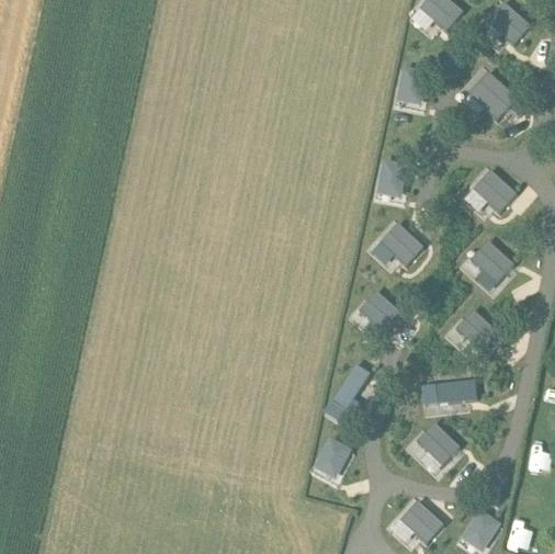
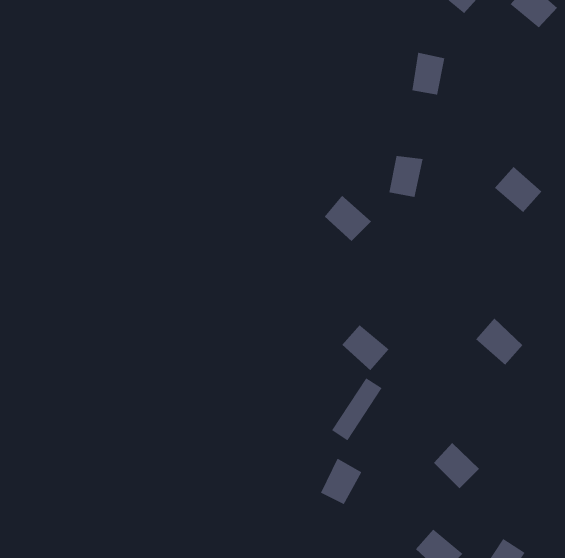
building: [468,71,518,121] -> none
building: [381,223,424,265] -> [324,195,372,242]
building: [471,240,514,283] -> none
building: [359,291,403,333] -> [342,324,390,371]
building: [421,378,477,405] -> none

